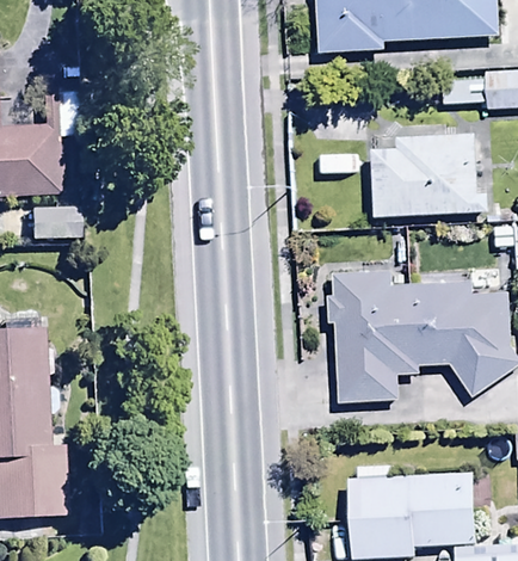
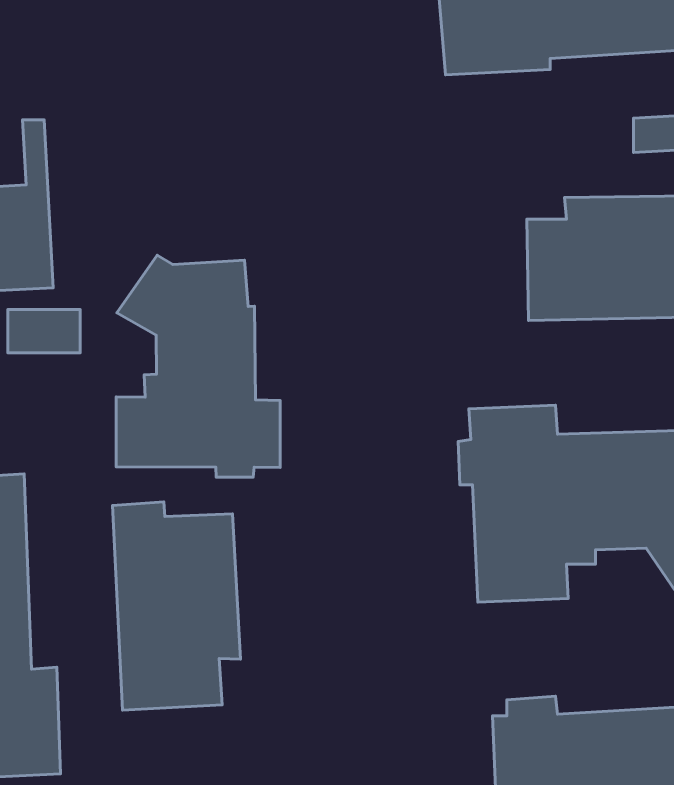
building: none -> [116,255,280,477]
building: none -> [112,502,241,710]

